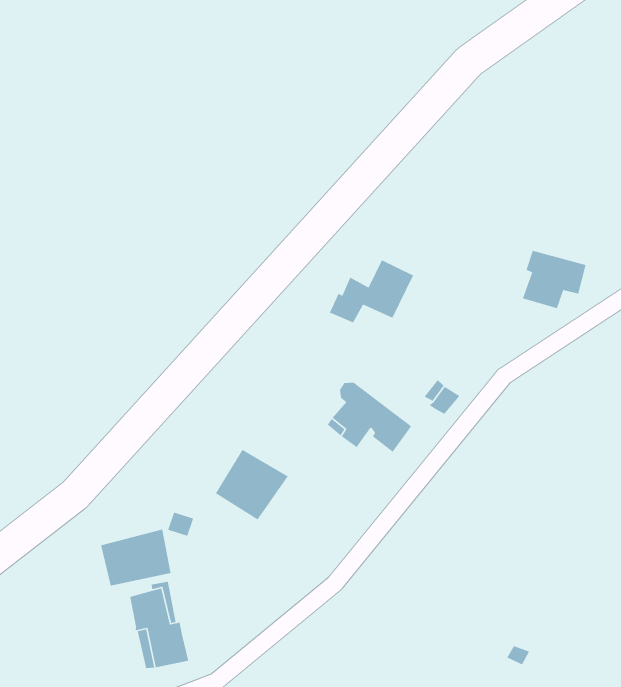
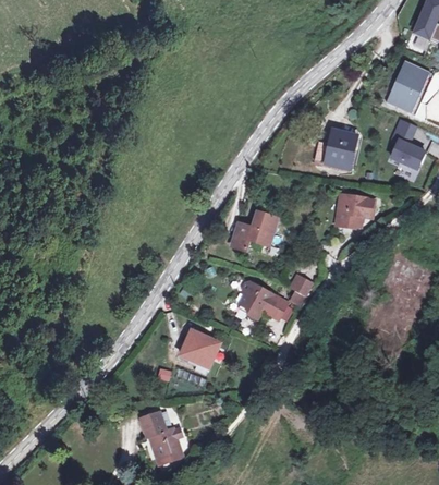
building: none -> [331,132,359,168]
building: [100,528,171,586] -> none

